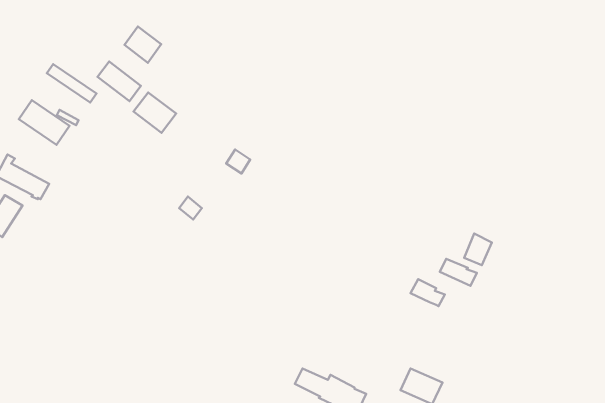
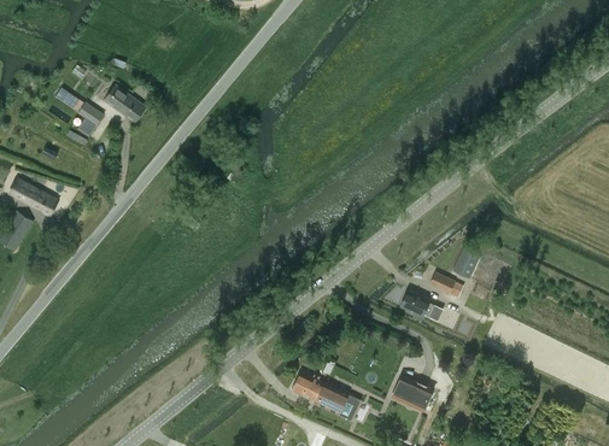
building: [125,27,161,63] -> none
building: [134,92,176,133] -> none
building: [19,100,70,145] -> none

